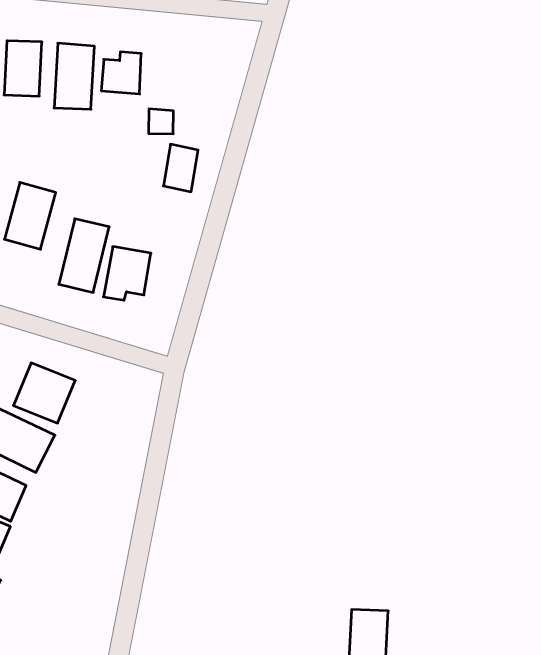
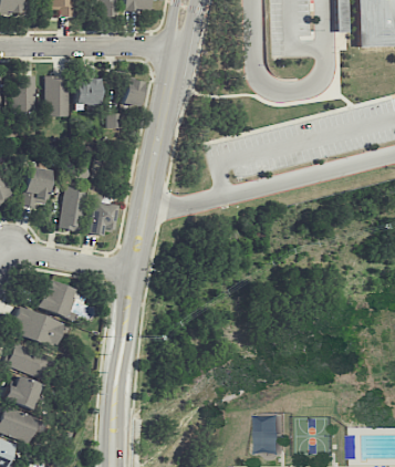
building: [163,144,198,192] -> [123,79,143,107]

